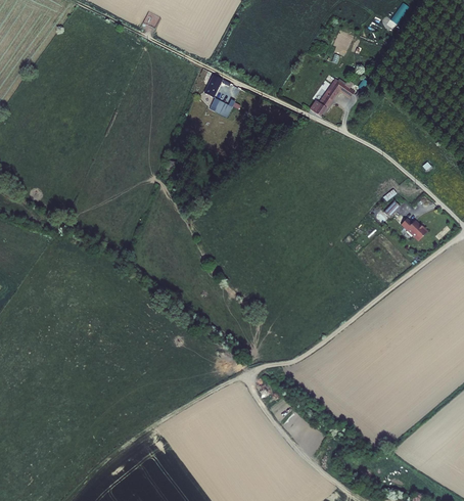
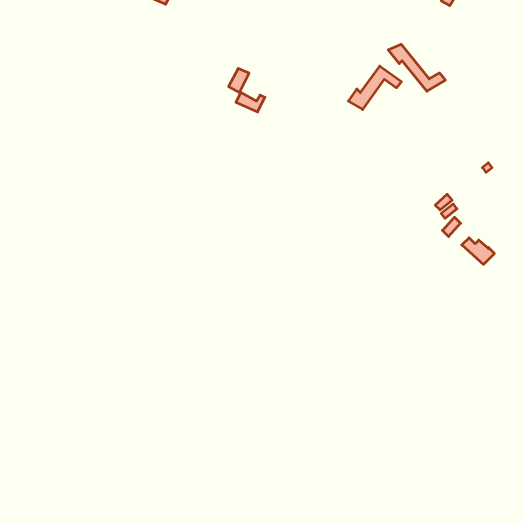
building: none -> [388,44,445,91]

